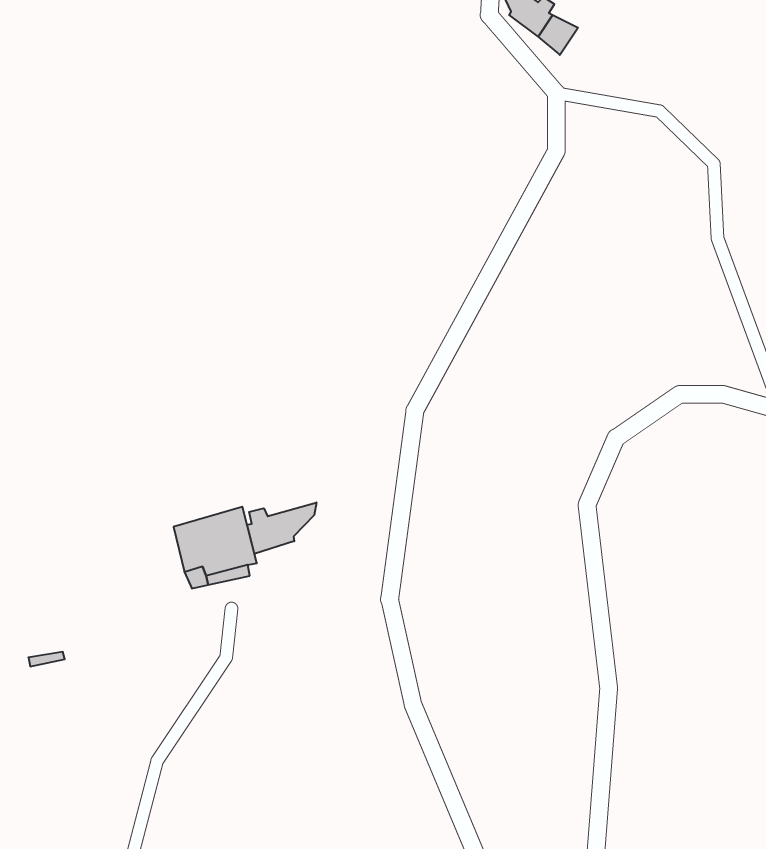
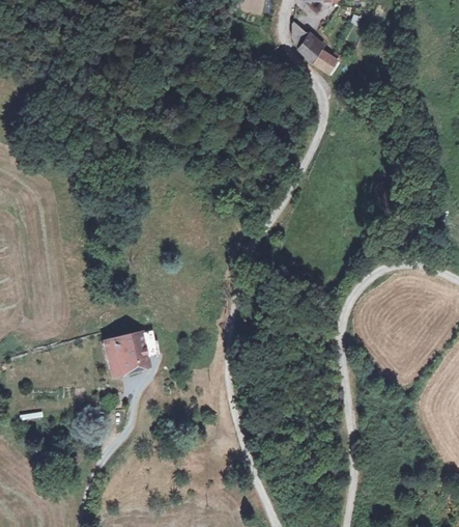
building: [247,502,316,554] -> none

